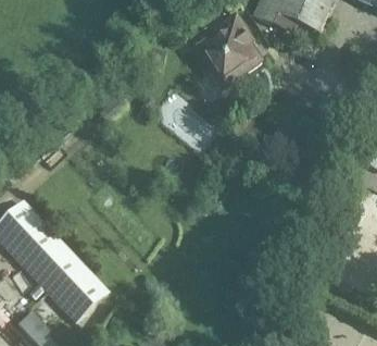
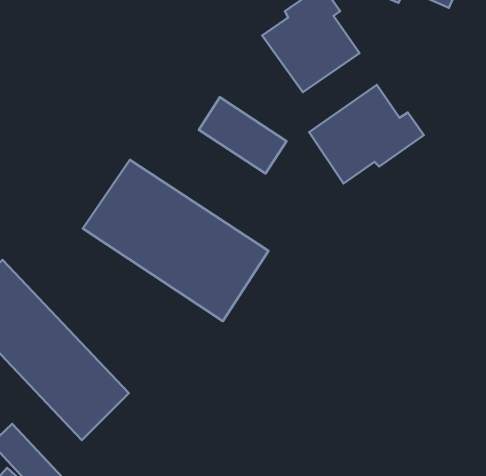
building: none -> [309,85,424,184]
building: none -> [83,160,268,321]

